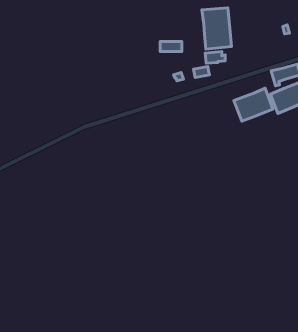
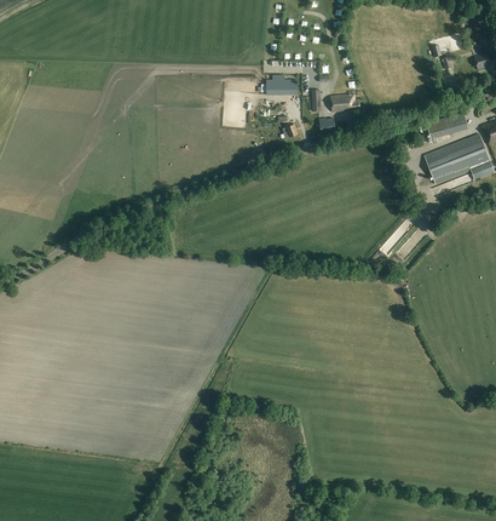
building: [202,8,231,49] -> none
building: [234,88,273,121] -> none

